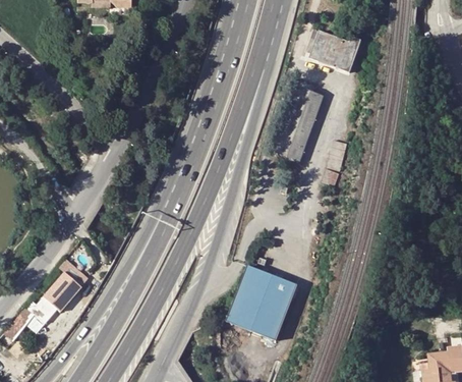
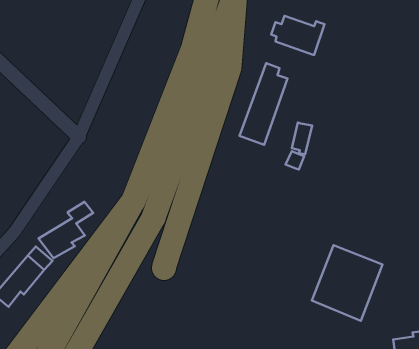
building: none -> [39,202,93,258]
building: [228,265,298,340] -> [312,245,382,321]

